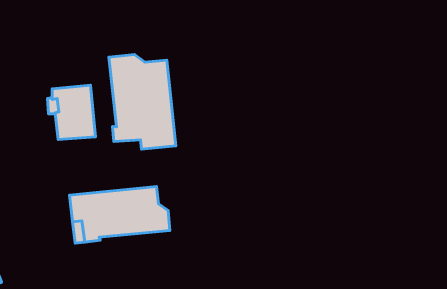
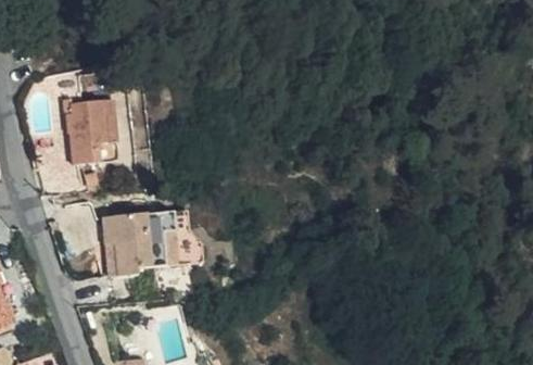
building: [109,54,176,149] -> none

